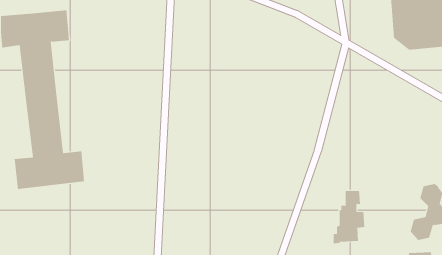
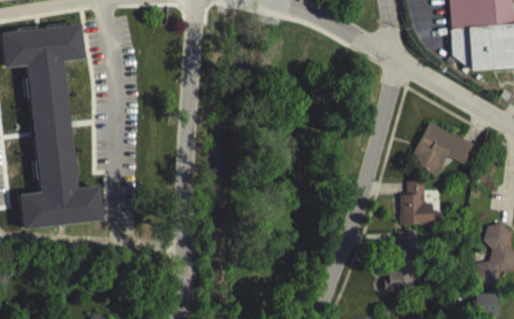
building: none -> [413,120,480,175]
building: none -> [402,179,434,224]

